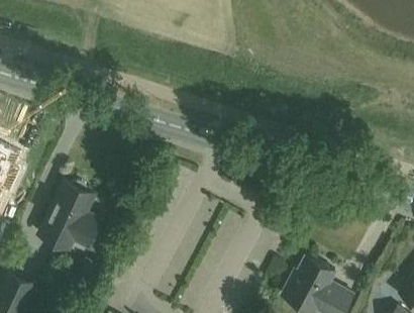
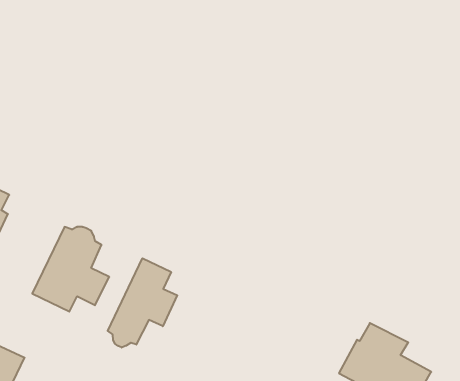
building: none -> [108,258,177,348]

